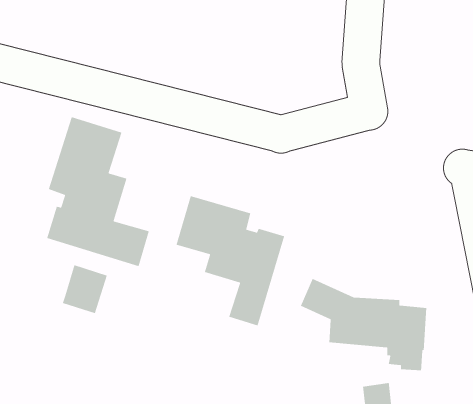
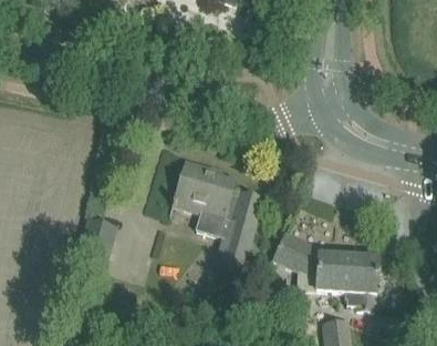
building: [46,116,150,267] -> none

